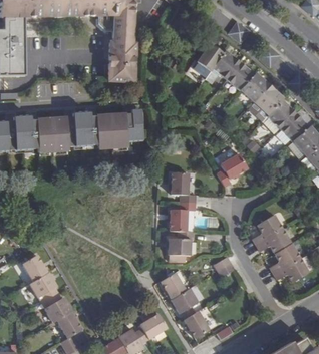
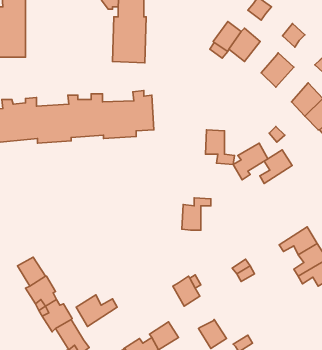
building: [226,62,255,91] -> none
building: [254,85,284,116] -> none
building: [171,172,197,204] -> [205,130,234,164]
building: [253,215,282,245] -> [260,150,292,183]
building: [168,232,194,262] -> none
building: [172,288,199,319] -> none
building: none -> [76,295,117,327]

